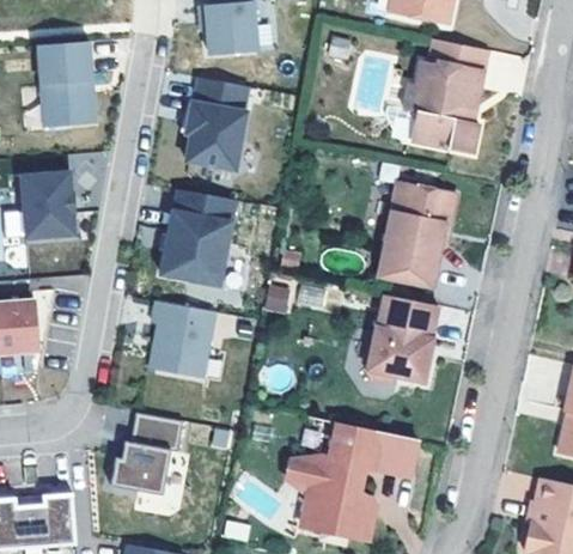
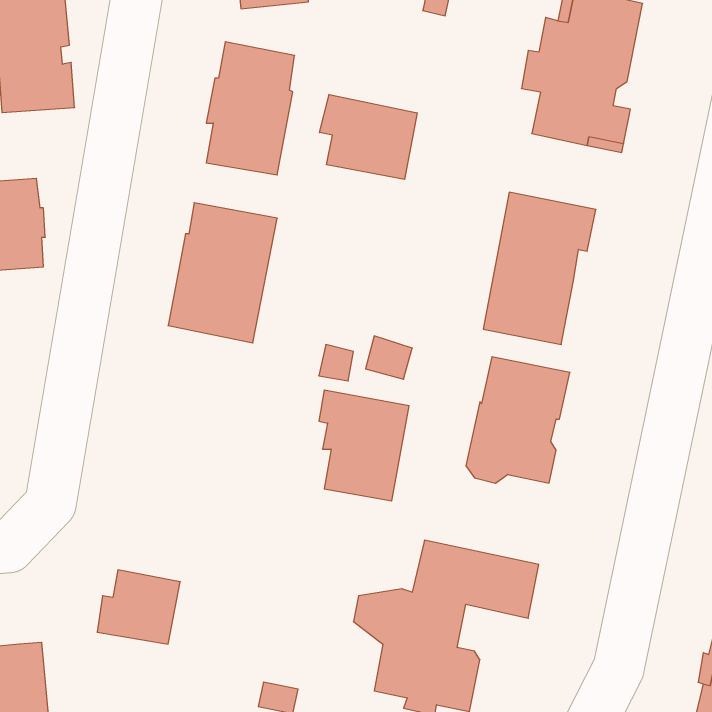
building: none -> [320,94,417,179]
building: [153,300,215,377] -> [319,390,409,501]
building: [132,413,179,451] -> none

